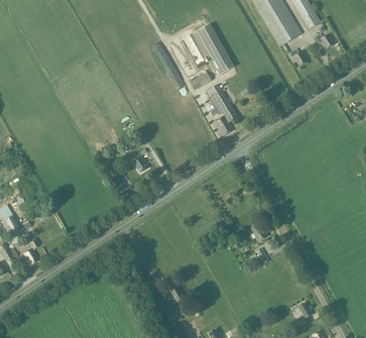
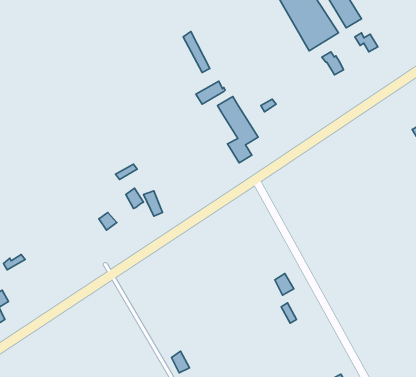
building: [194,23,234,75] -> none

